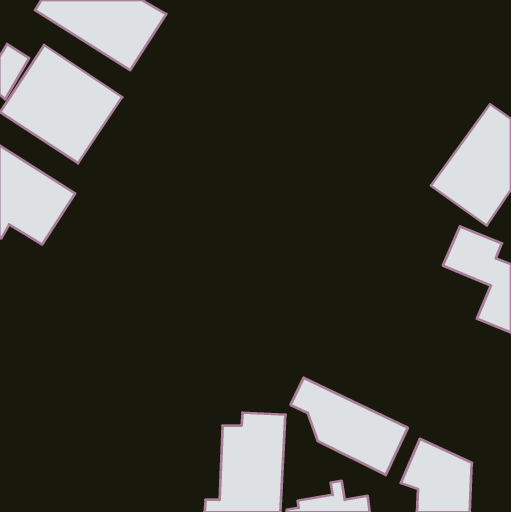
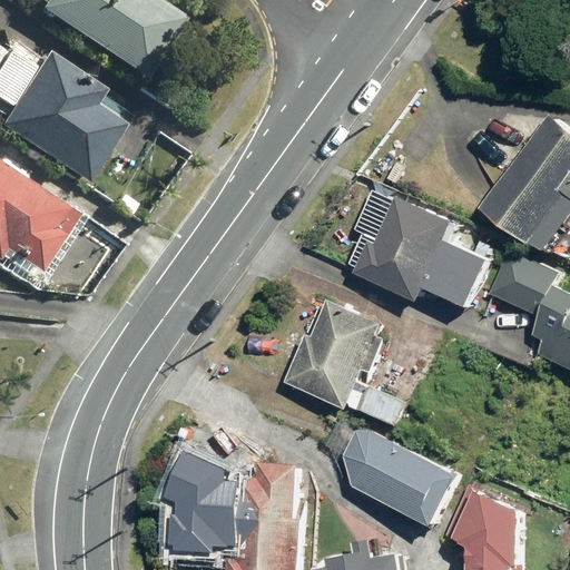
building: none -> [347,195,488,307]
building: none -> [292,293,419,429]
building: none -> [164,449,234,546]

